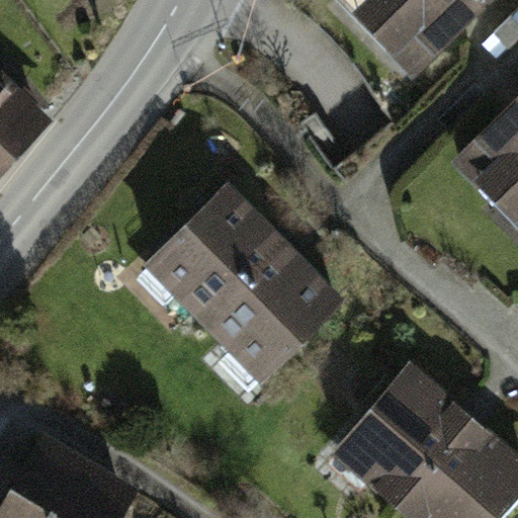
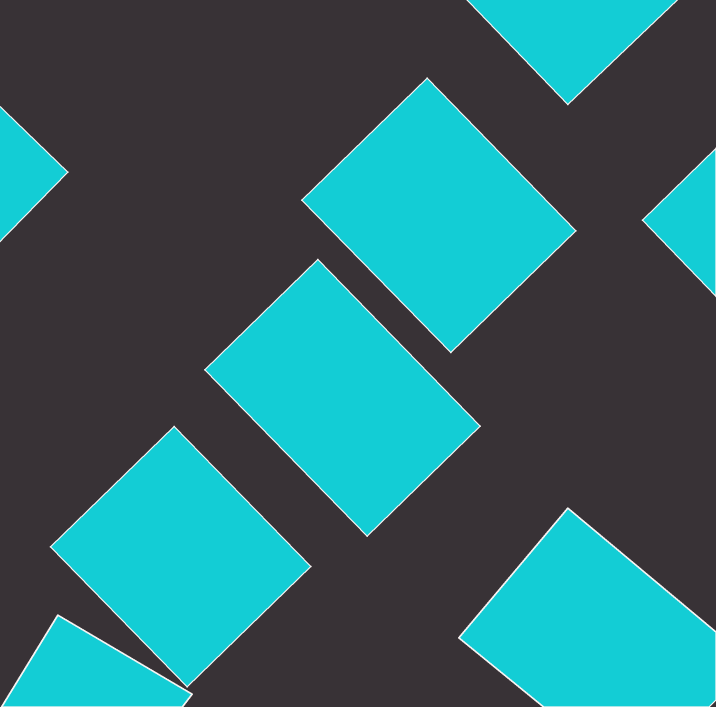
building: none -> [302,78,576,353]
building: none -> [51,426,311,687]

